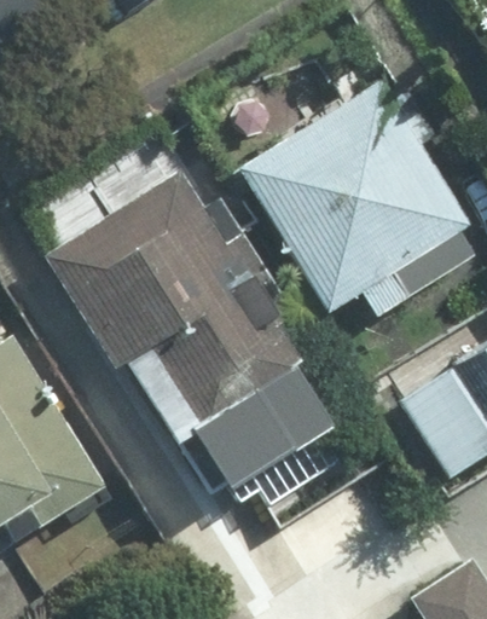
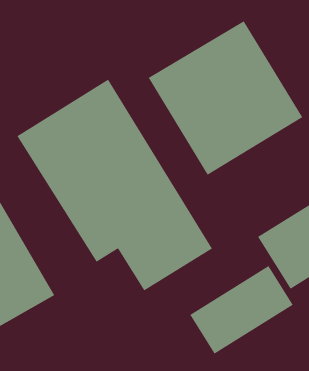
building: none -> [189,265,293,354]

